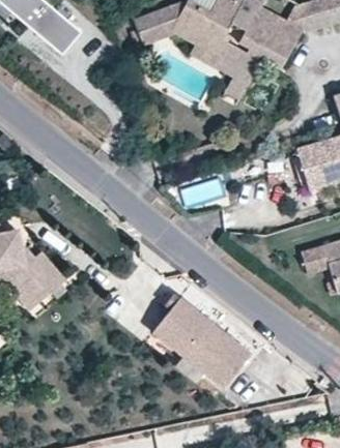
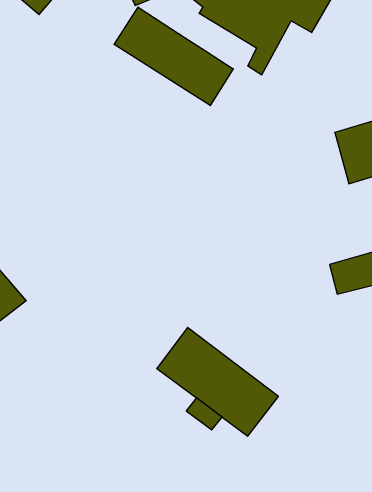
building: none -> [114,7,233,106]

